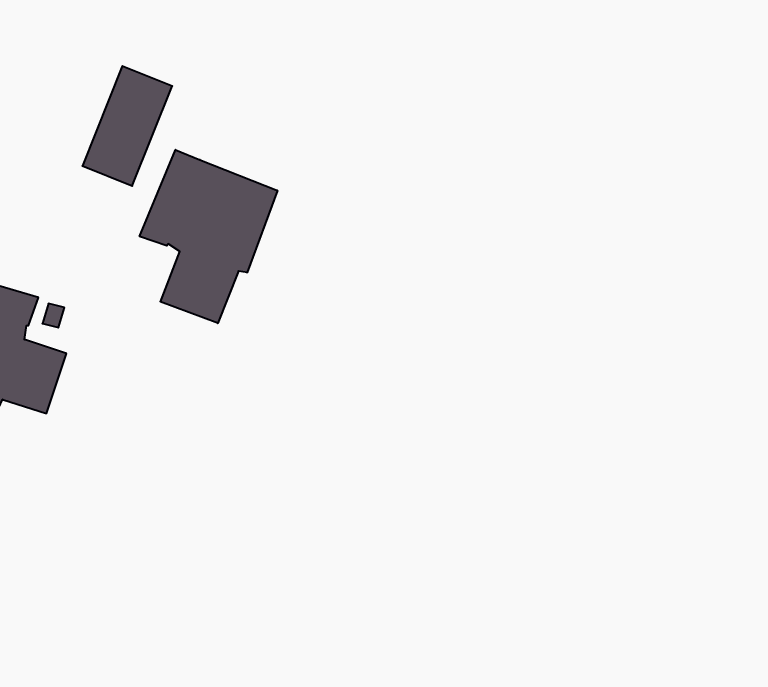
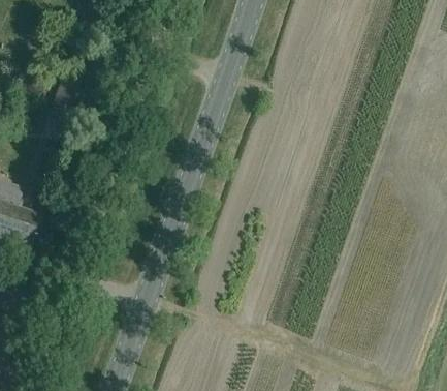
building: [140,150,277,323] -> none

